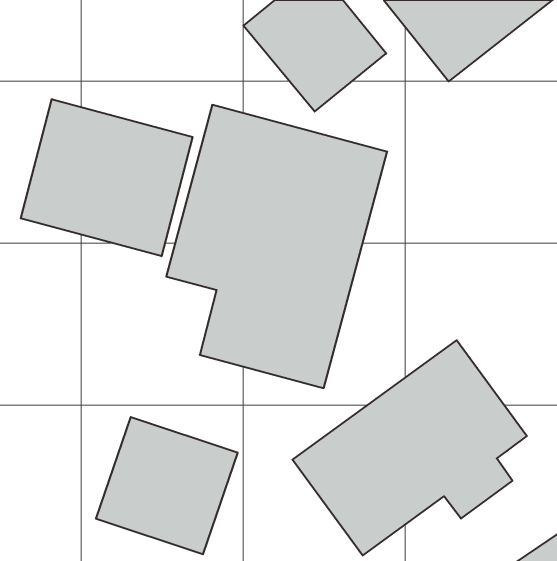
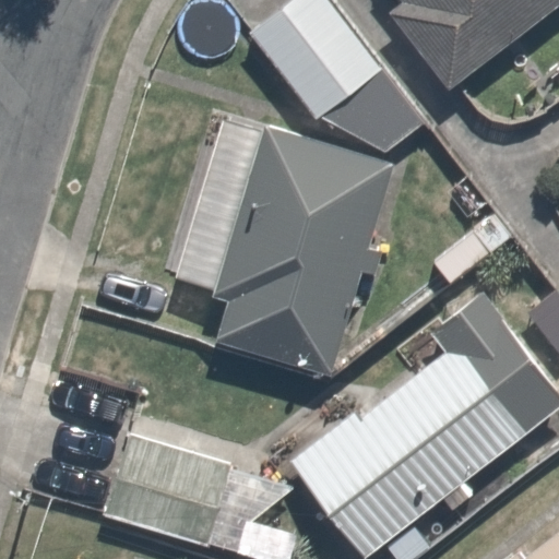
building: [21,99,193,256] -> none

